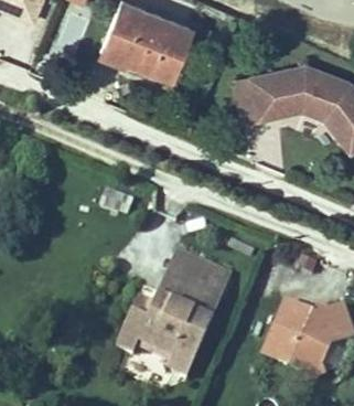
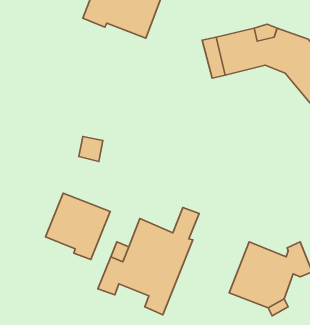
building: none -> [45,193,110,259]
building: [164,253,212,295] -> none

